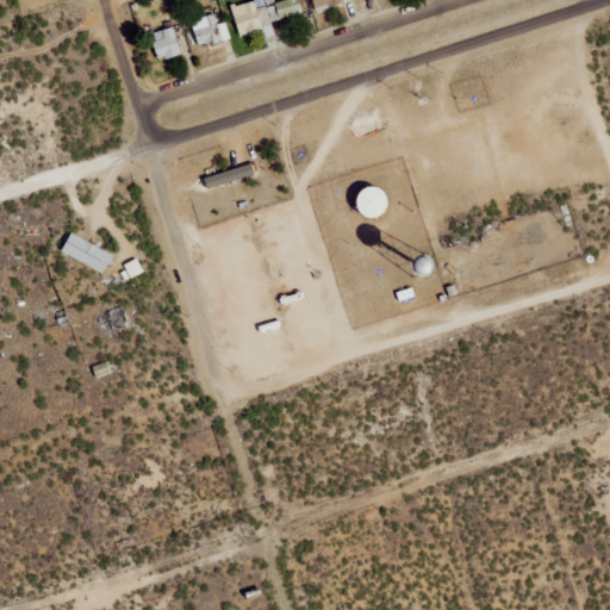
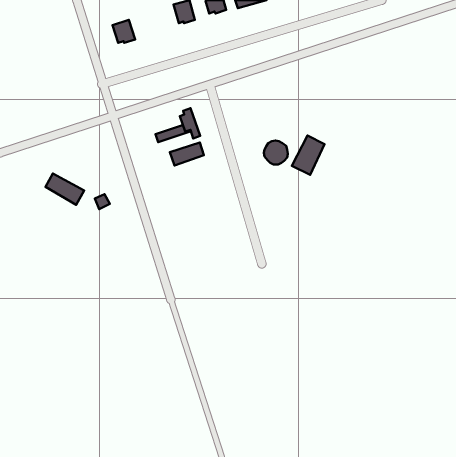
building: [192,13,222,44] -> none
building: none -> [292,135,324,175]
building: none -> [170,143,204,166]

